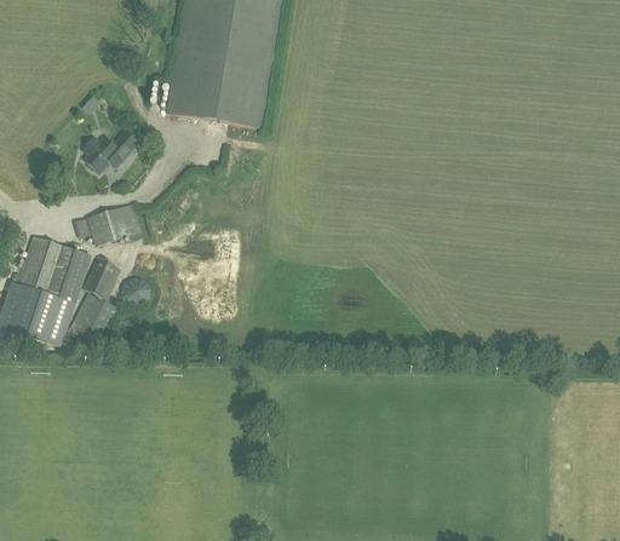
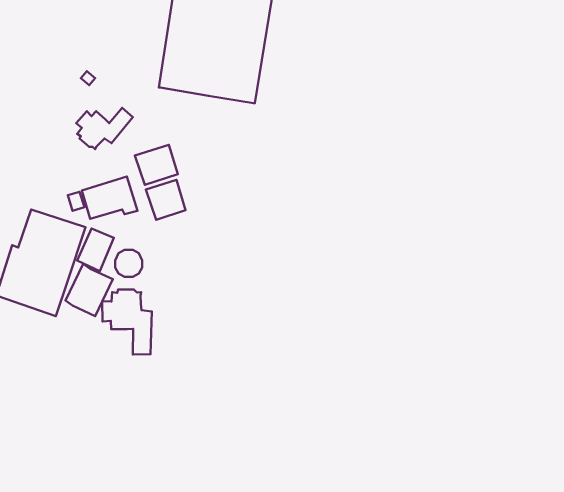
building: none -> [135,145,178,185]
building: none -> [146,180,186,220]
building: none -> [102,289,152,354]

